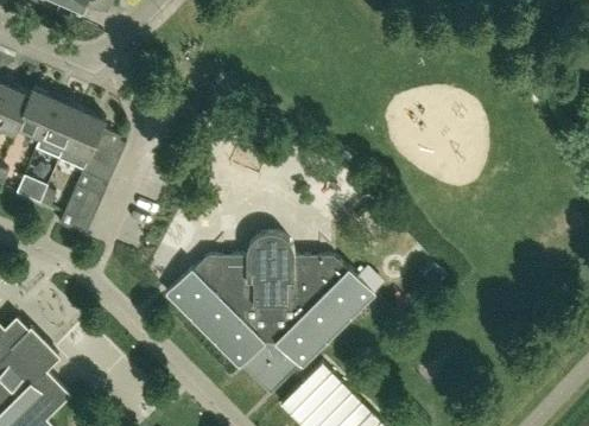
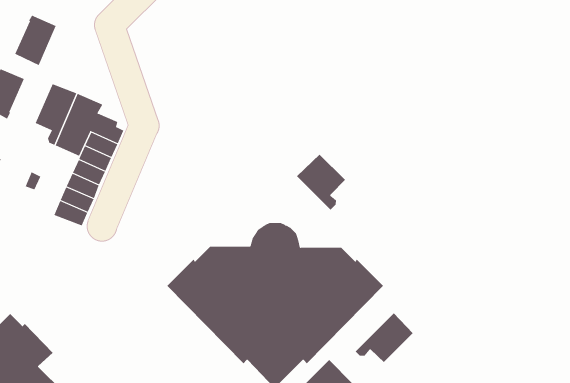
building: [17,88,57,136] -> [14,15,56,66]
building: none -> [296,154,346,211]
building: none -> [355,313,413,363]

